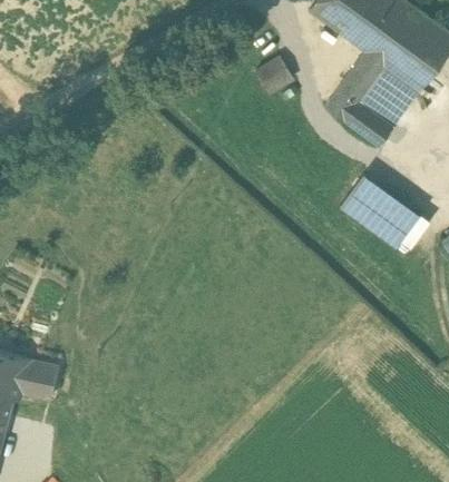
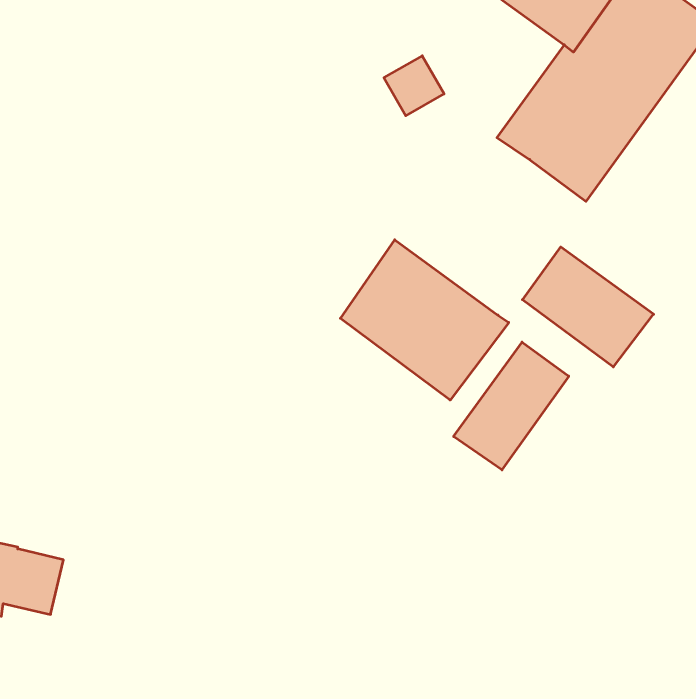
building: none -> [340,240,509,400]
building: none -> [454,342,569,470]

